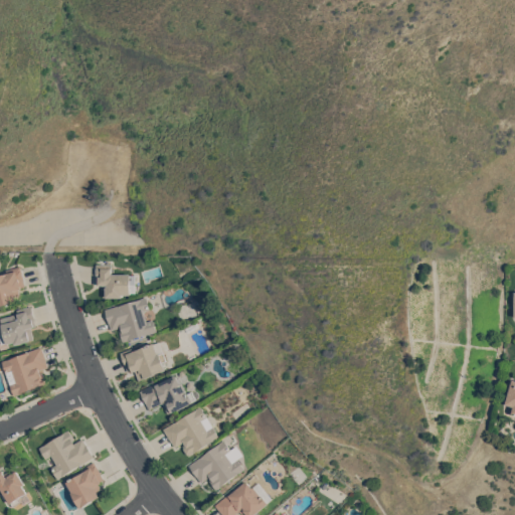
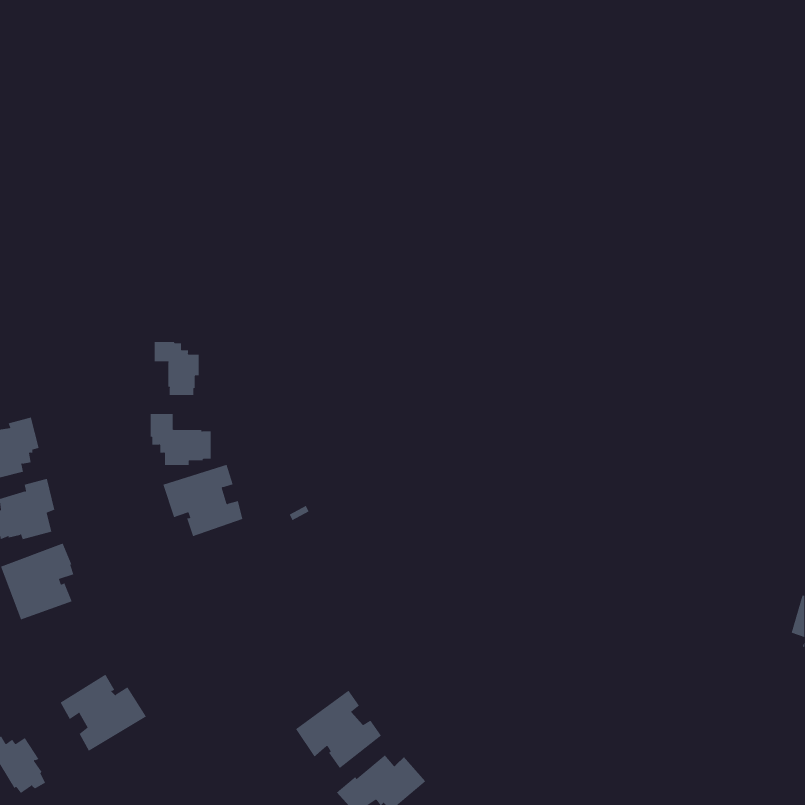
building: none -> [154,341,199,396]
building: [120,342,166,381] -> none
building: [140,375,195,414] -> none
building: [162,406,218,457] -> none
building: [65,462,104,509] -> none

